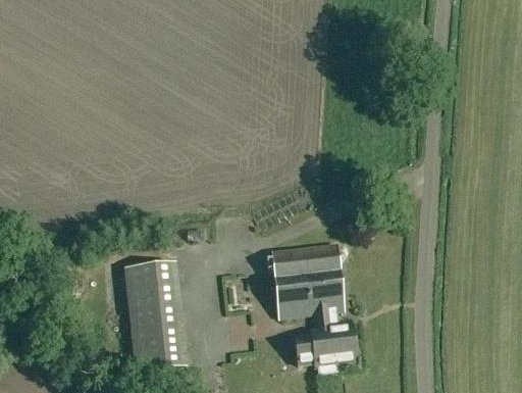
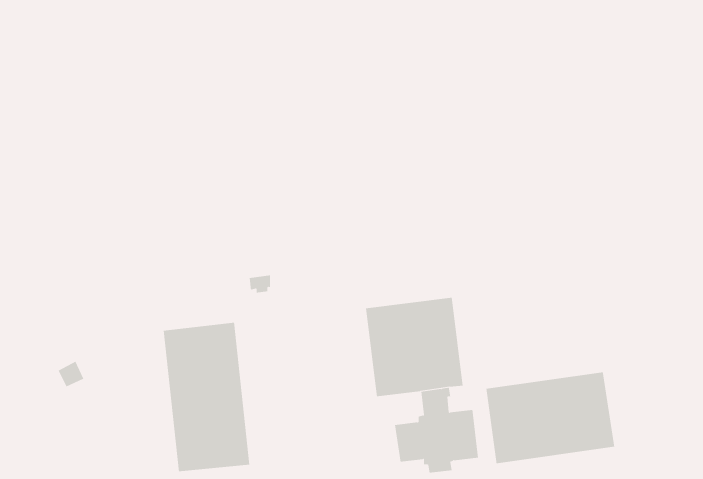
building: none -> [486,371,615,464]

